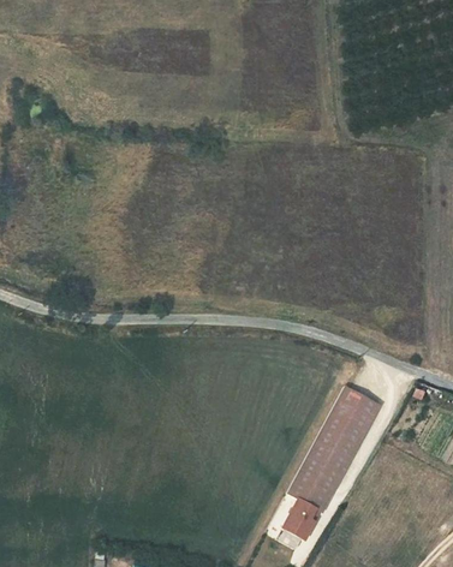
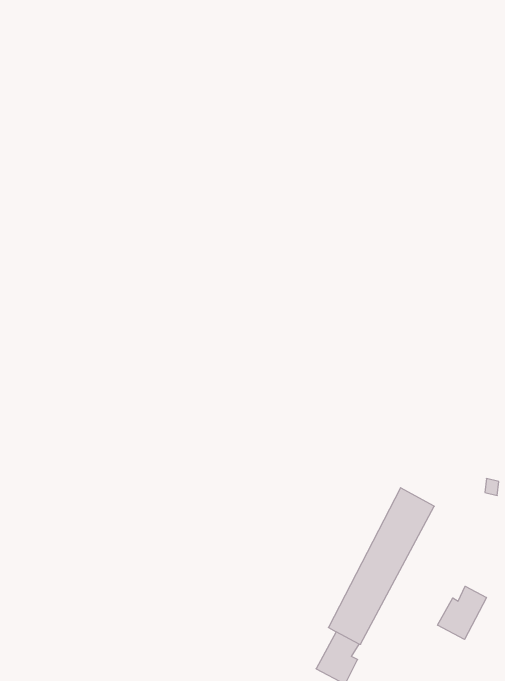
building: none -> [438,586,486,639]

